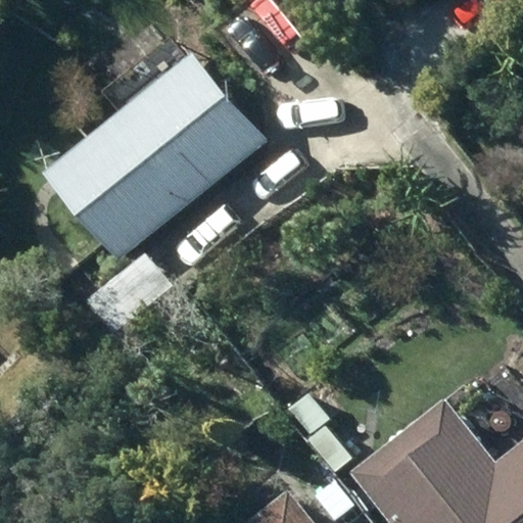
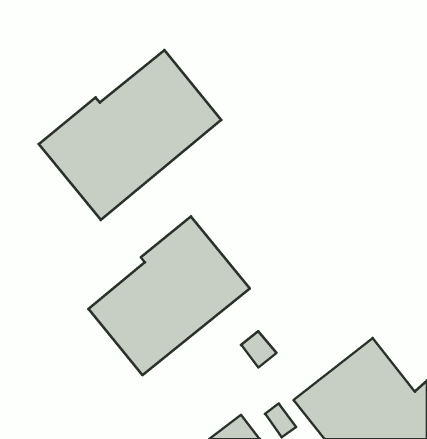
building: none -> [88,216,250,375]

